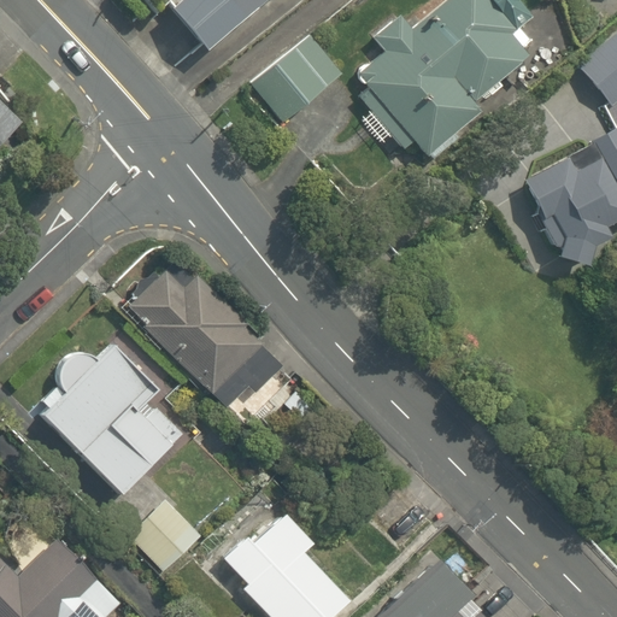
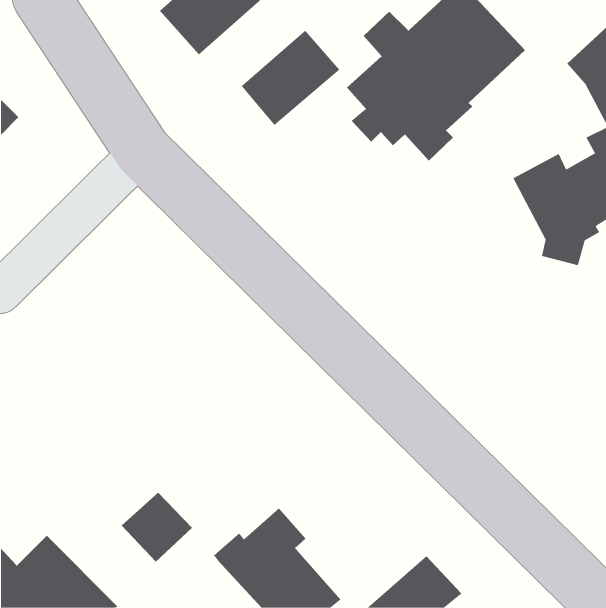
building: [124,274,289,407] -> none
building: [42,345,186,499] -> none

